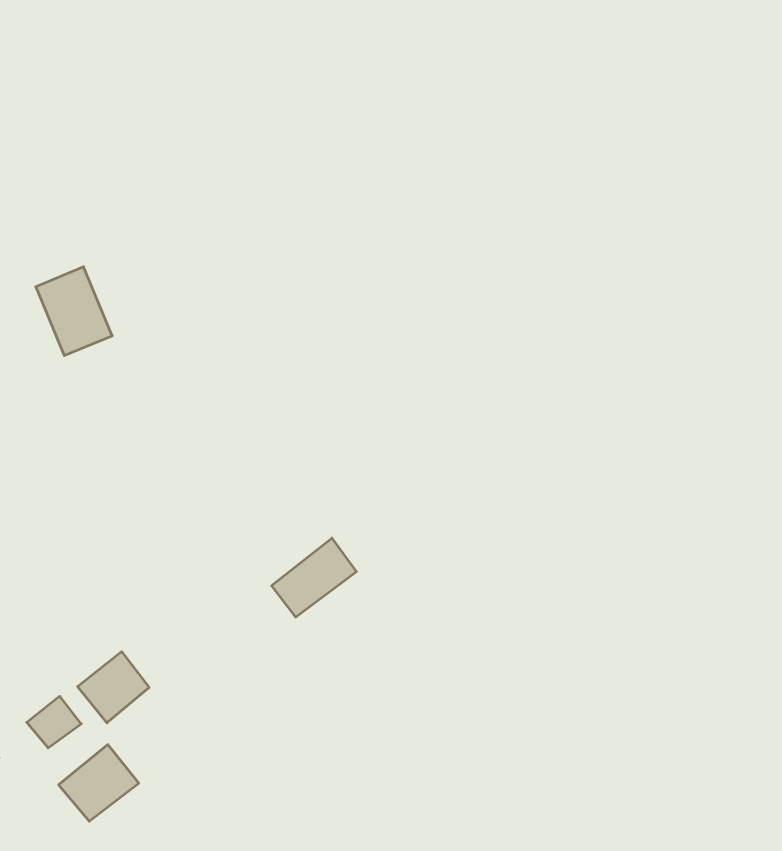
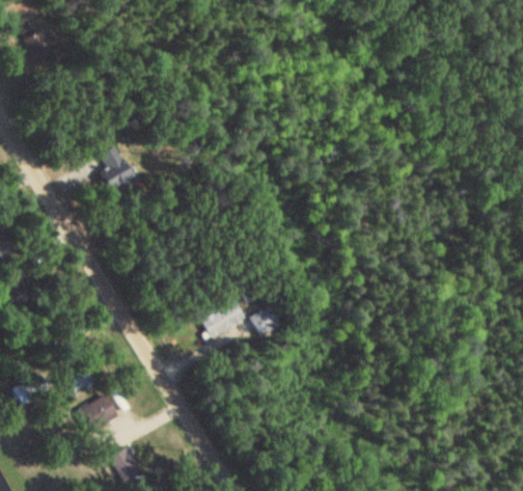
building: none -> [249,305,281,336]
building: [78,652,149,723] -> none

